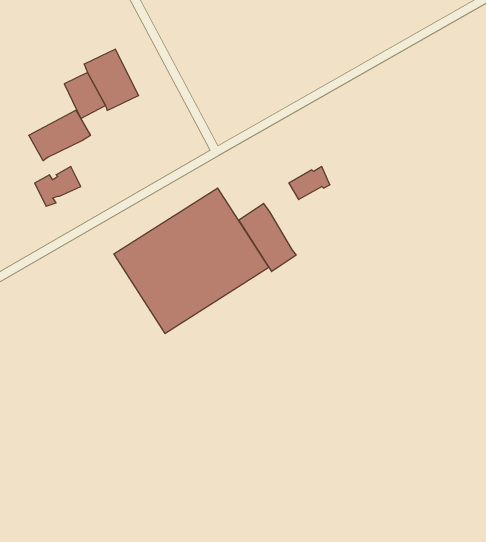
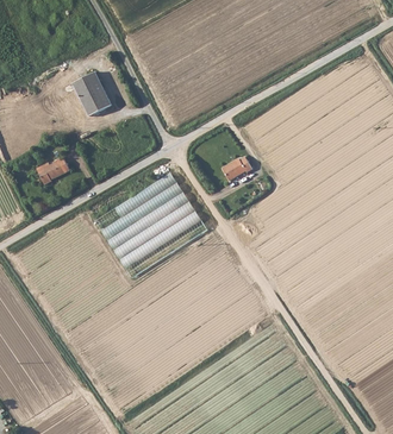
building: [29,110,90,161] -> none
building: [239,203,296,272] -> none

